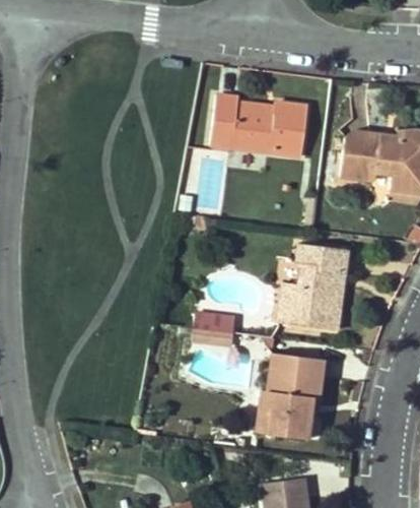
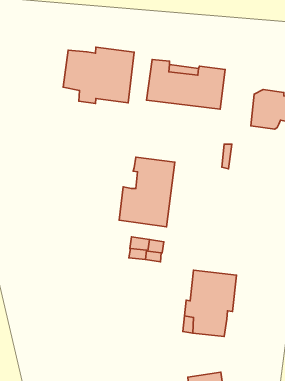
building: none -> [63,47,134,103]
building: [280,243,348,328] -> [119,157,175,227]

